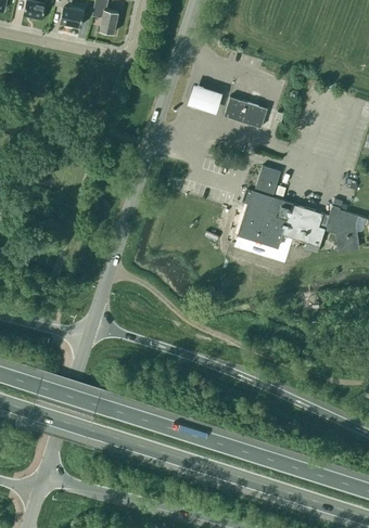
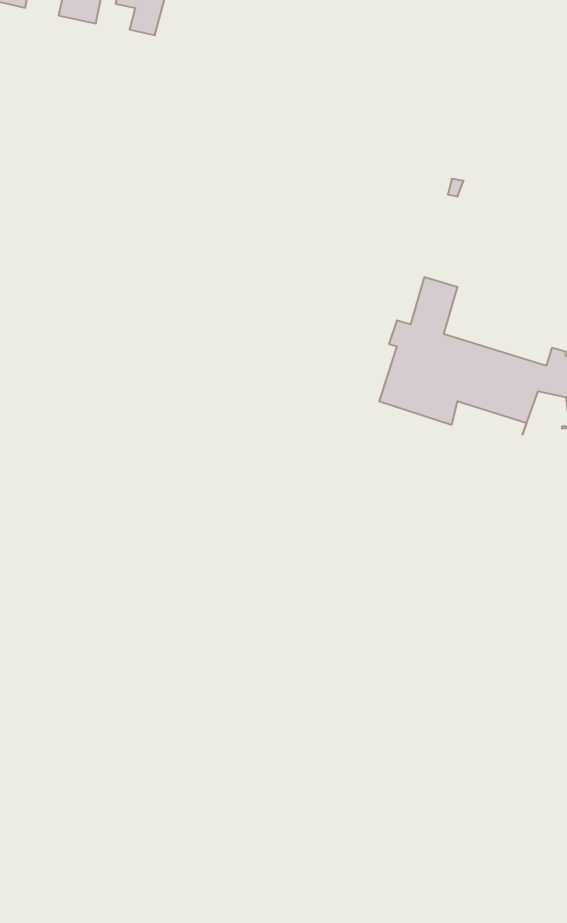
building: [188,86,222,114] -> none
building: [225,98,268,128] -> none

